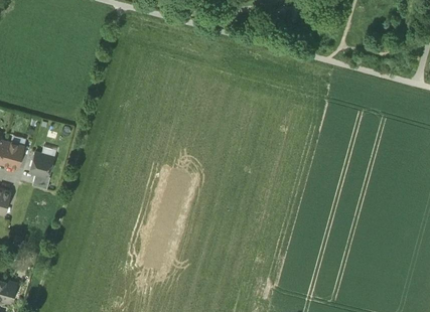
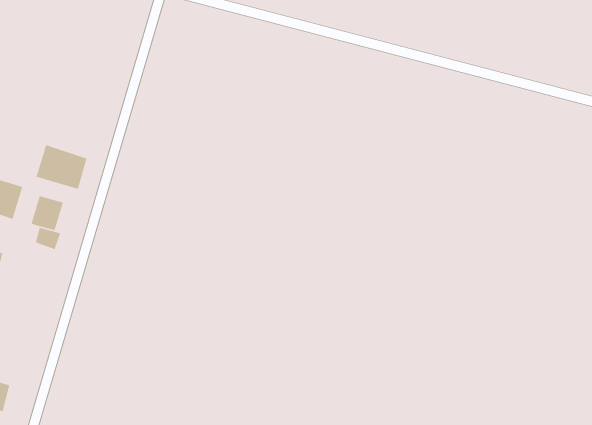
building: none -> [36,144,88,190]

